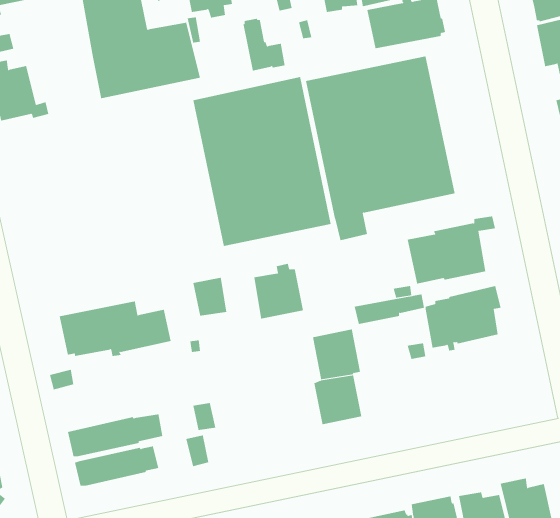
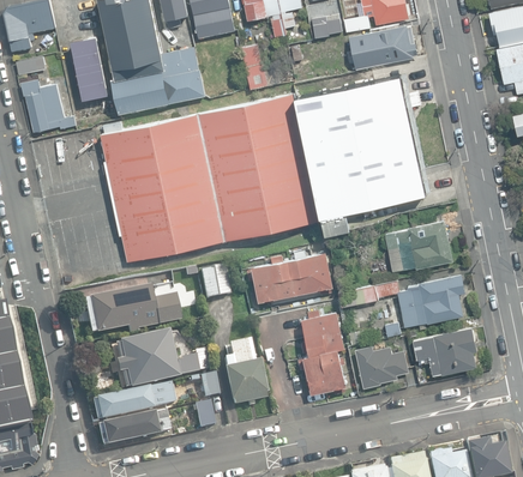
building: none -> [71,37,109,101]
building: none -> [101,114,226,260]
building: none -> [288,250,332,295]
building: none -> [413,327,476,375]
building: none -> [115,331,208,390]
building: none -> [223,342,266,406]
building: none -> [354,345,408,388]

